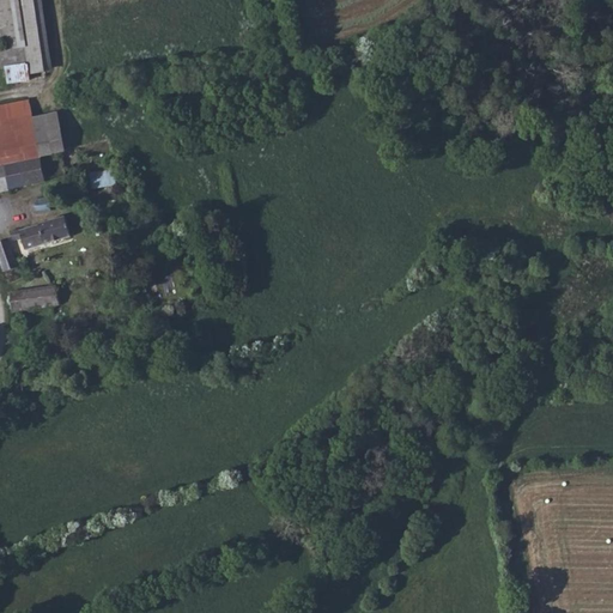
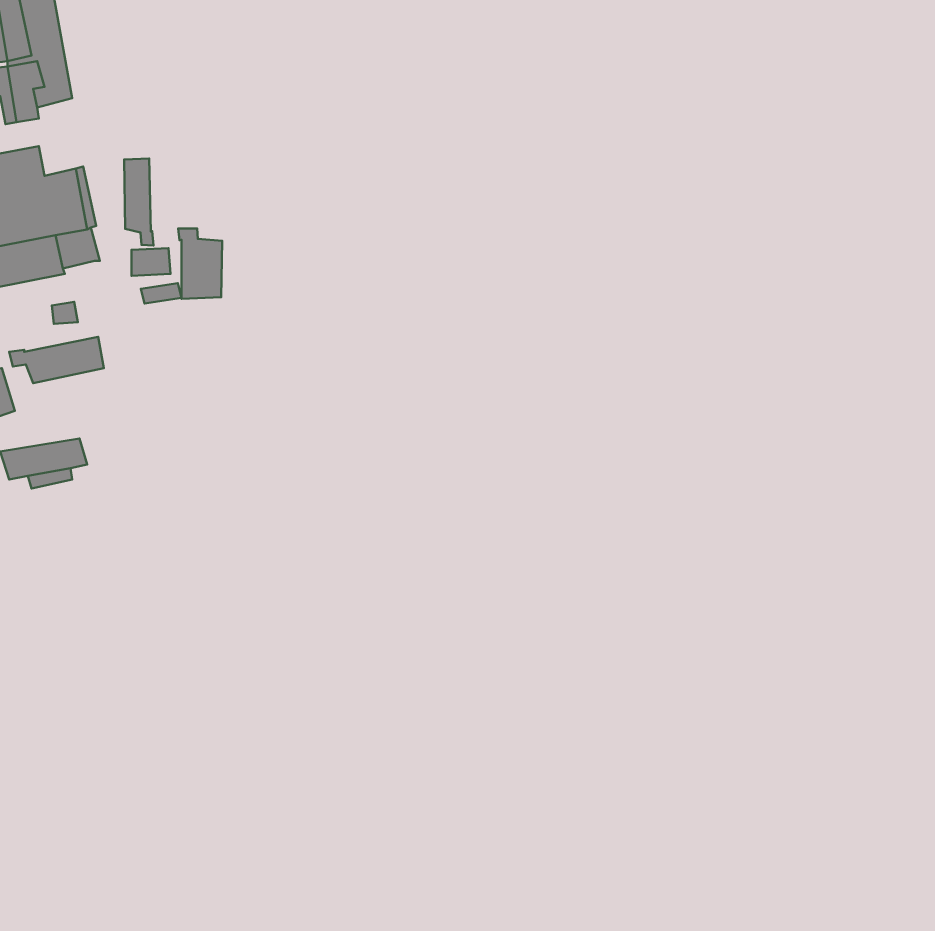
building: none -> [124,159,153,246]
building: none -> [178,229,222,299]

